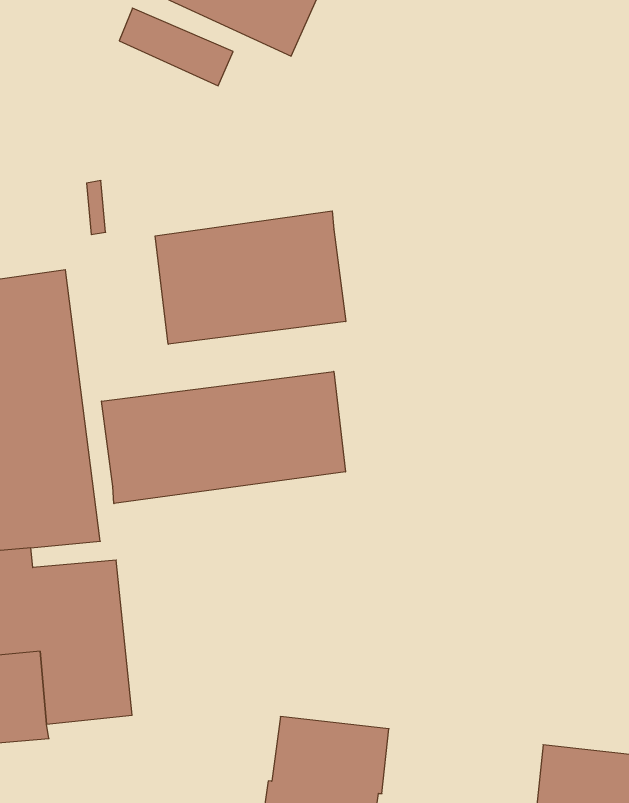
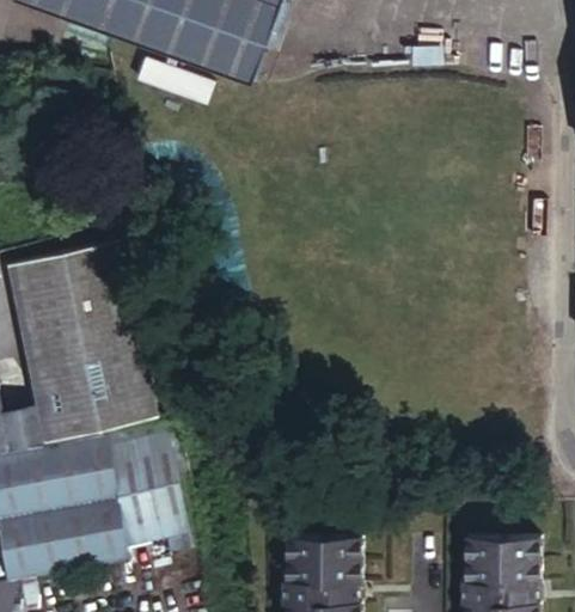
building: [155,211,346,344] -> none
building: [102,371,345,504] -> none

